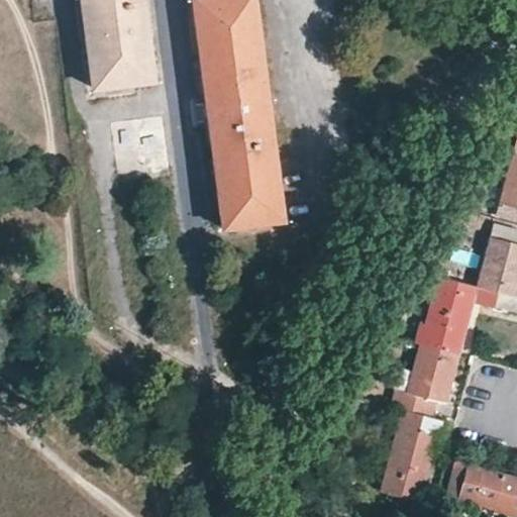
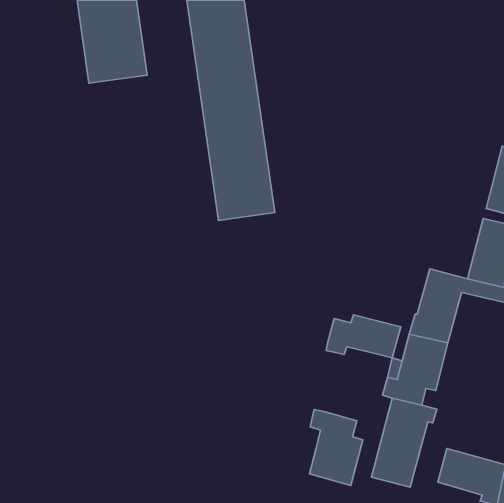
building: none -> [326,315,401,358]
building: none -> [310,410,363,485]

